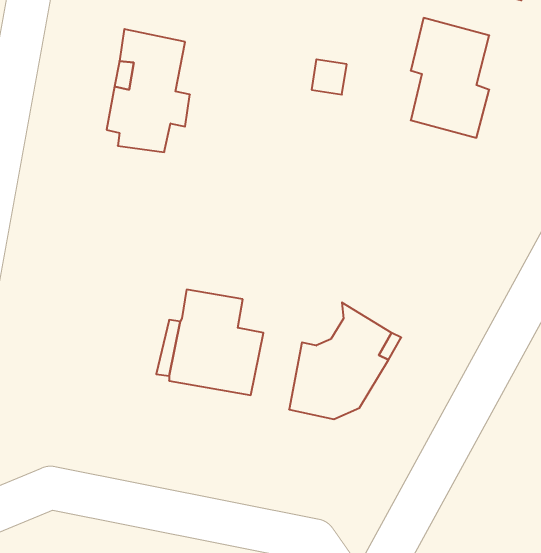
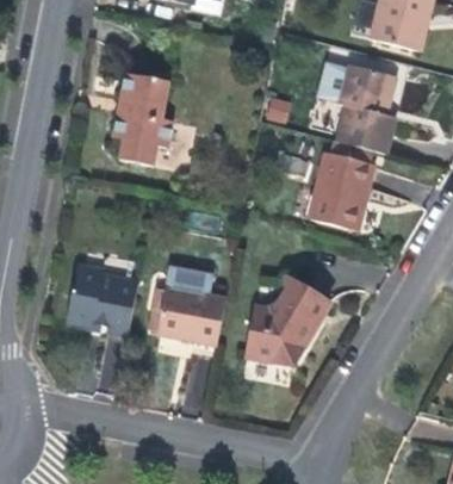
building: none -> [310,151,373,230]
building: none -> [66,265,138,335]

